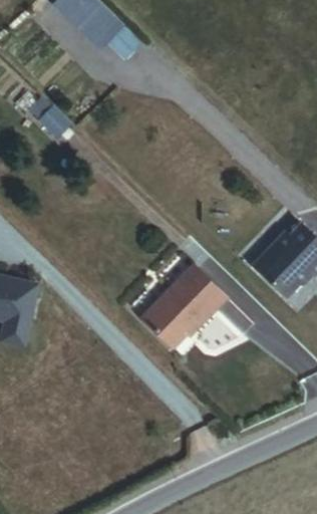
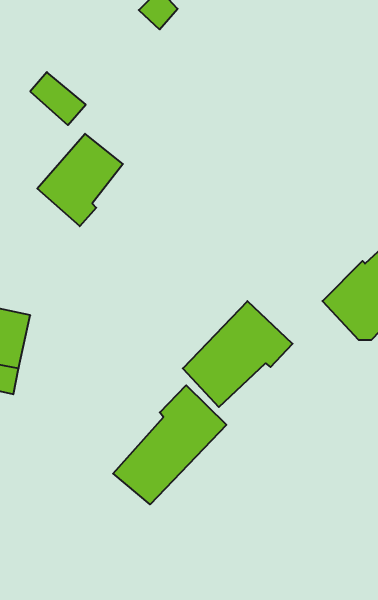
building: none -> [37,134,123,226]
building: none -> [113,385,226,504]

